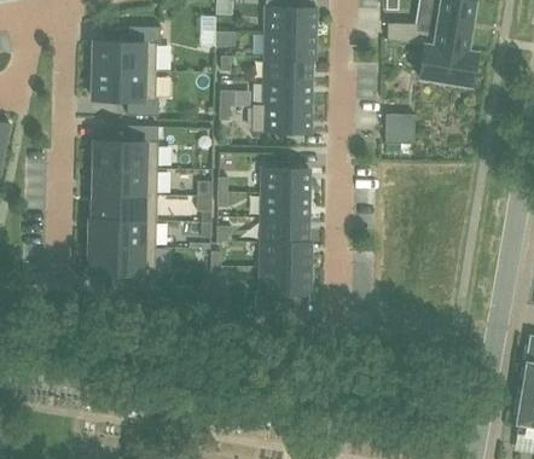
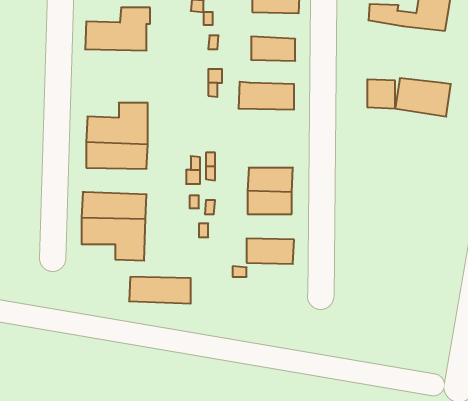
building: [265,31,314,59] -> none
building: [418,46,476,86] -> [395,78,451,117]
building: [92,70,158,116] -> none
building: [263,81,310,106] -> none
building: [262,167,308,193] -> none
building: [92,193,156,221] -> [129,277,191,304]
building: [260,242,309,268] -> none

